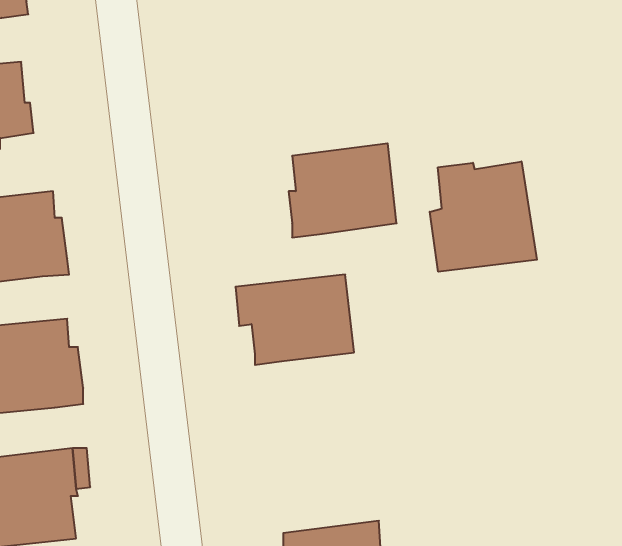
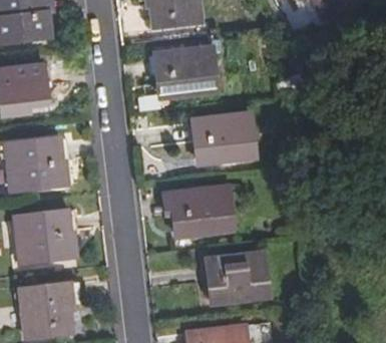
building: none -> [155,45,215,96]
building: [430,161,537,272] -> none
building: none -> [207,250,269,302]

